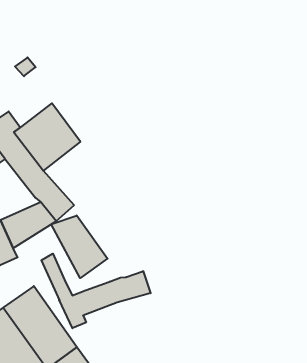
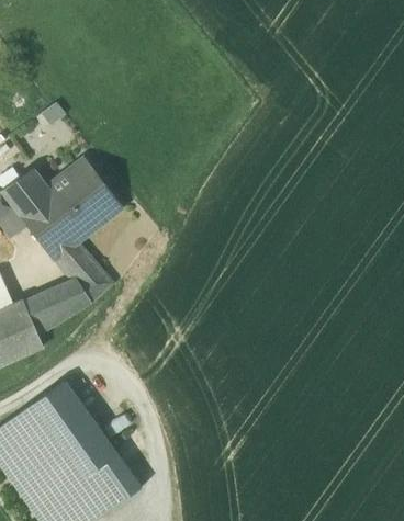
building: [51,215,108,278] -> none
building: [41,254,151,328] -> none

